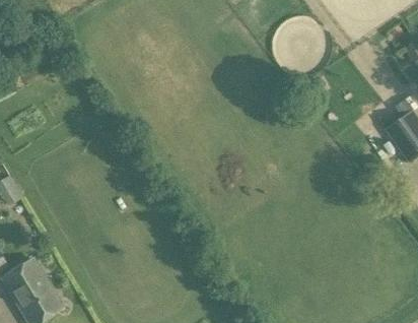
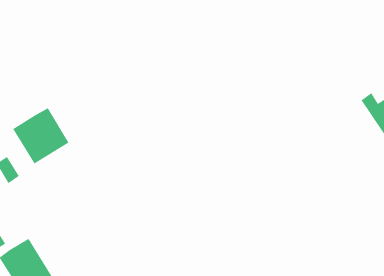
building: none -> [12,107,69,165]

